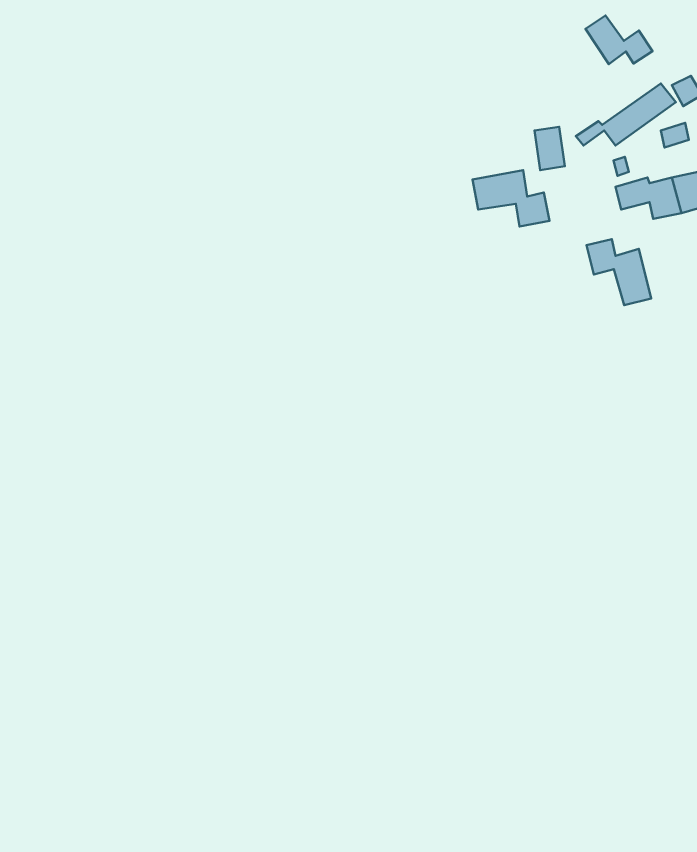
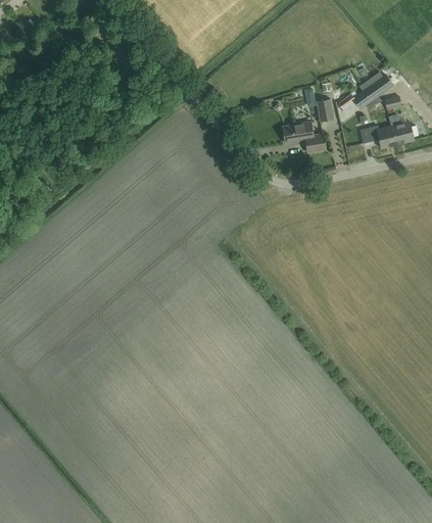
building: [585,15,653,64] -> none
building: [586,239,651,305] -> none

